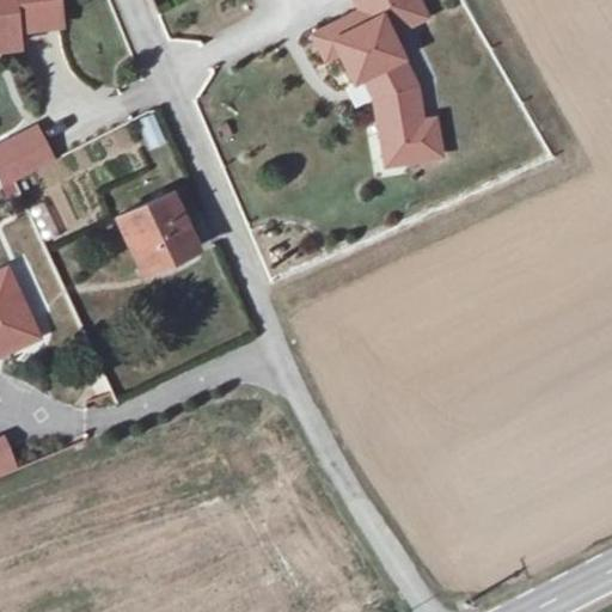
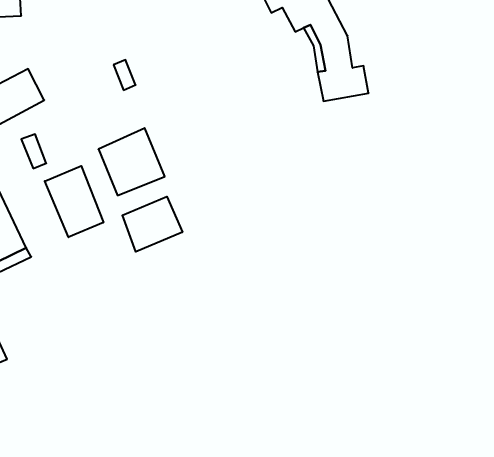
building: none -> [45,166,103,237]
building: none -> [122,197,182,252]

